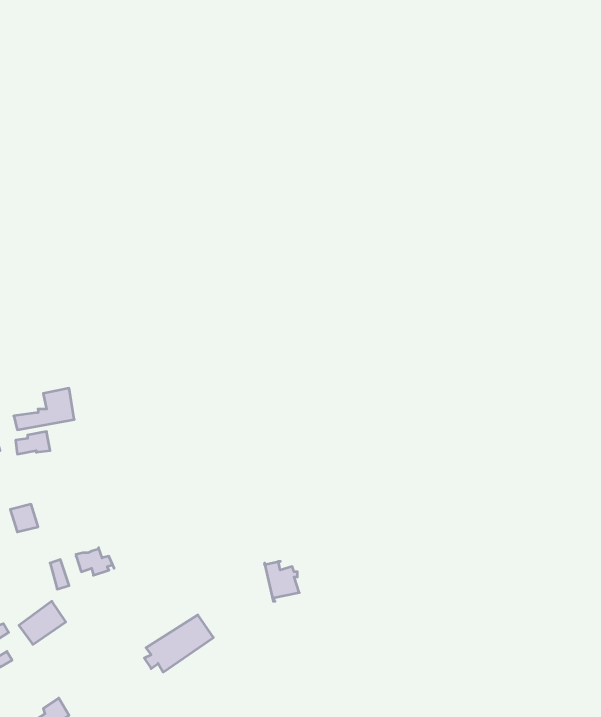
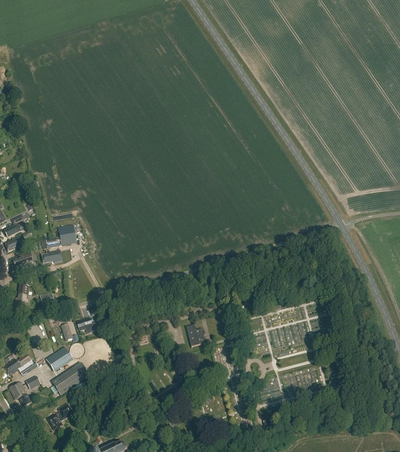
building: [144,615,213,672] -> [50,363,90,396]

